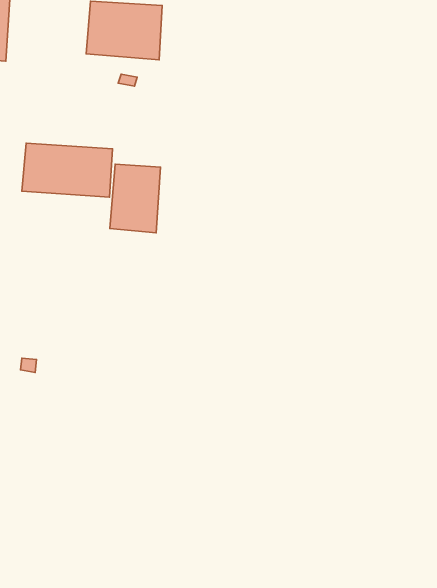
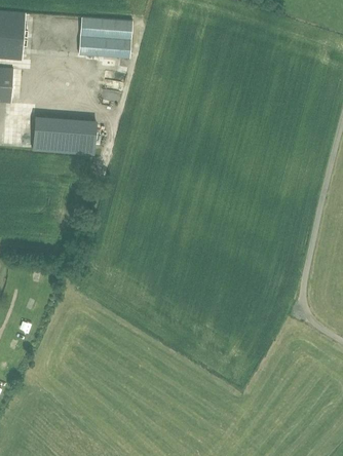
building: [110,164,160,233] -> none

